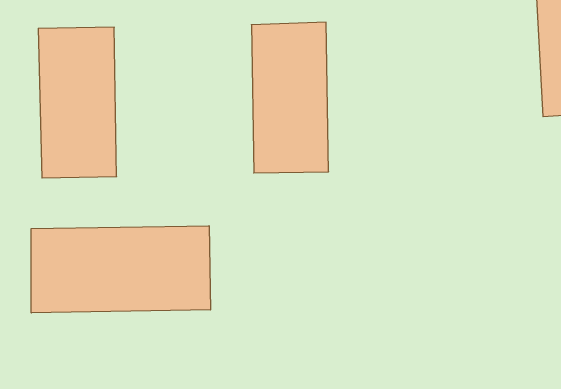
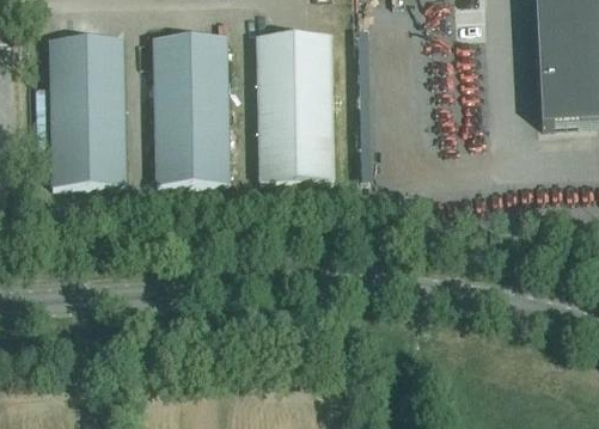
building: none -> [153,33,230,180]
building: [31,226,210,313] -> none

